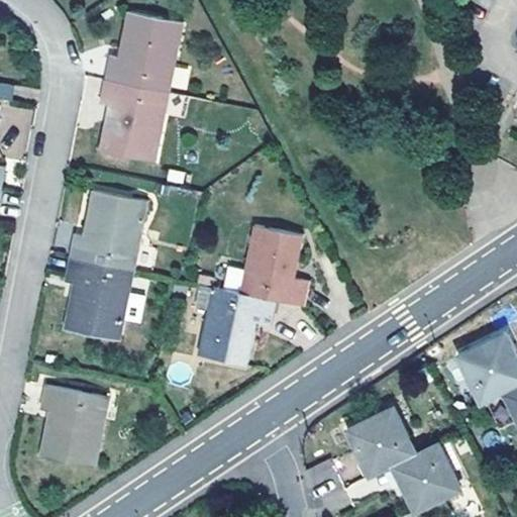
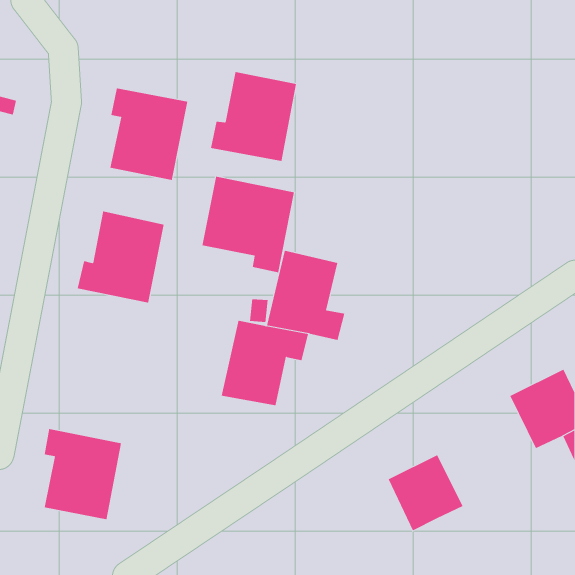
building: [104,11,182,92] -> [210,71,297,162]
building: none -> [202,176,294,273]
building: [64,260,133,340] -> none
building: [392,444,459,511] -> none

